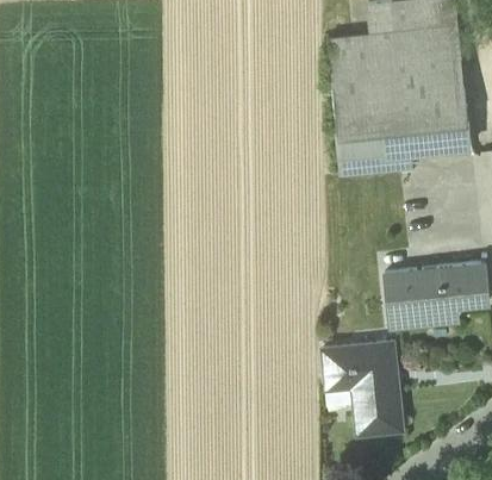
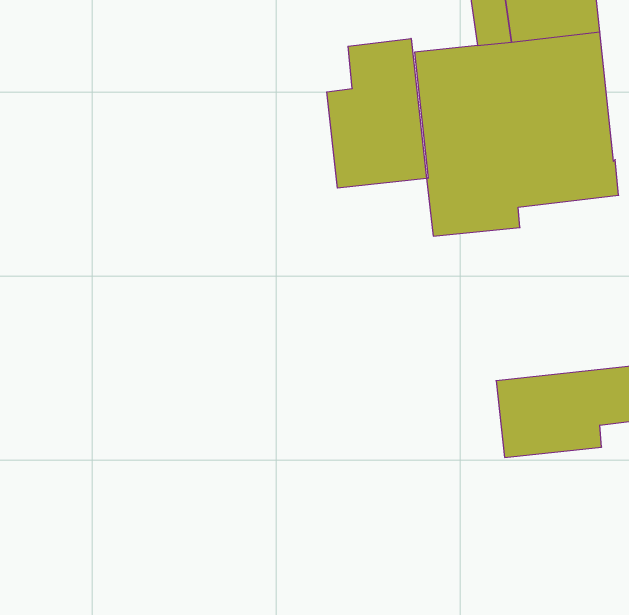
building: none -> [327,38,426,188]
building: [322,342,401,432] -> none

